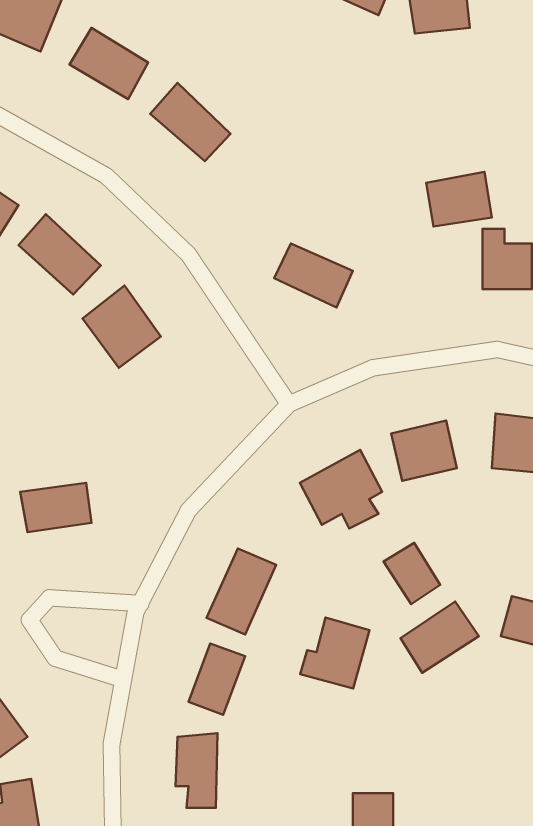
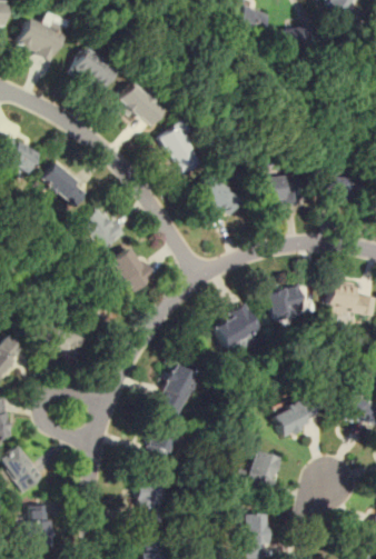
building: none -> [158,123,205,176]
building: [426,172,492,227] -> [260,174,300,208]
building: none -> [109,244,158,295]
building: [384,543,440,604] -> none
building: [300,617,369,689] -> [239,450,281,493]

